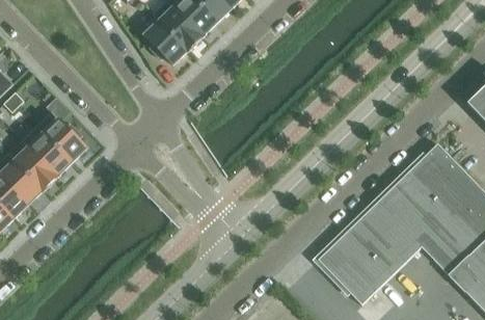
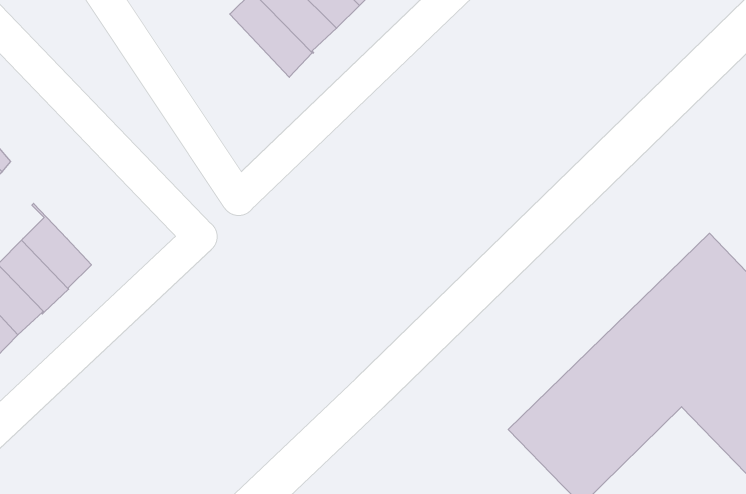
building: [145,14,189,64] -> none
building: [37,111,86,162] -> none

